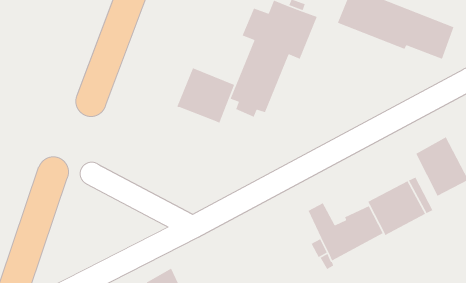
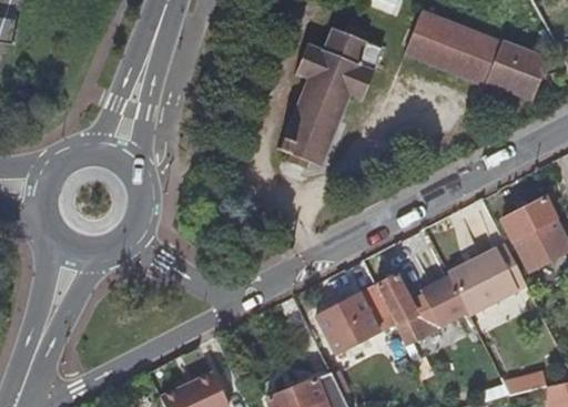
building: [176,67,235,124] -> none
building: none -> [314,284,387,353]

